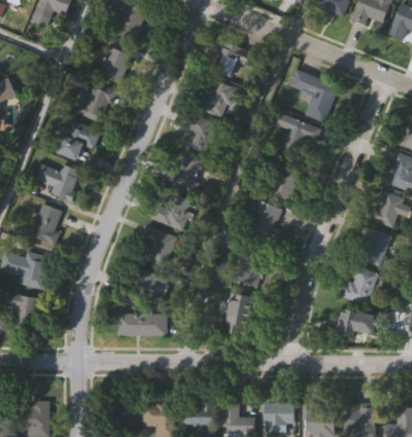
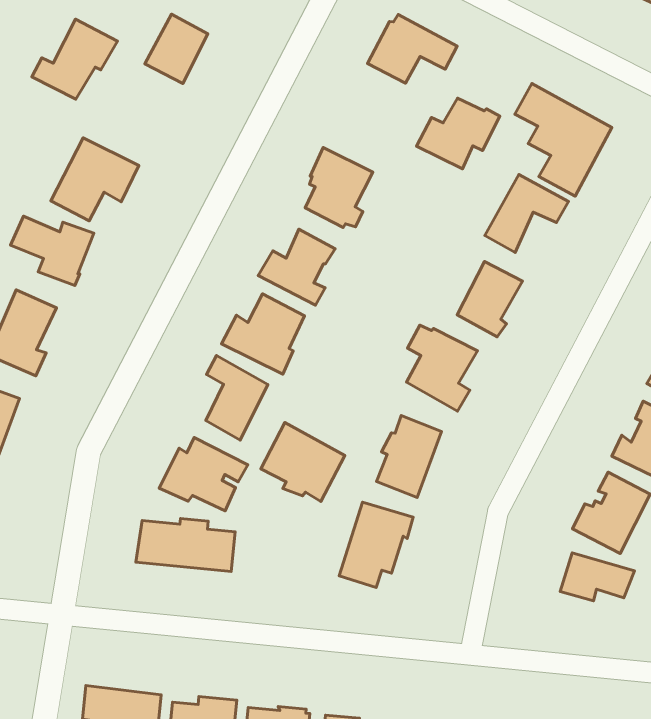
building: [196,79,237,115] -> [417,98,500,169]
building: [74,82,116,123] -> [32,19,118,99]
building: none -> [261,423,345,502]

